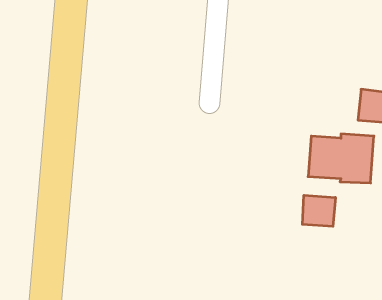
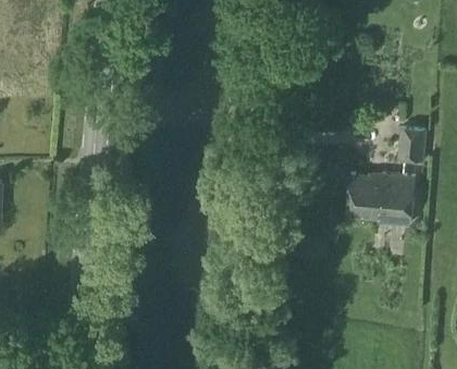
building: [302,195,335,226] -> none

